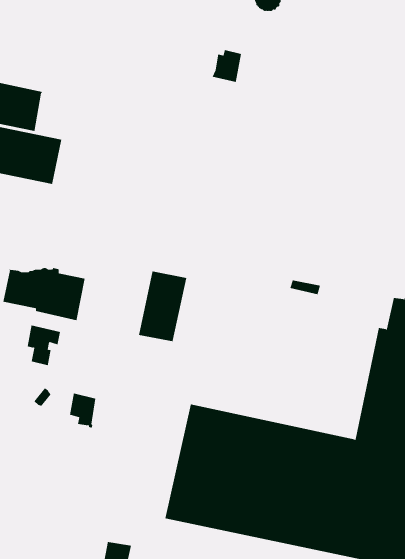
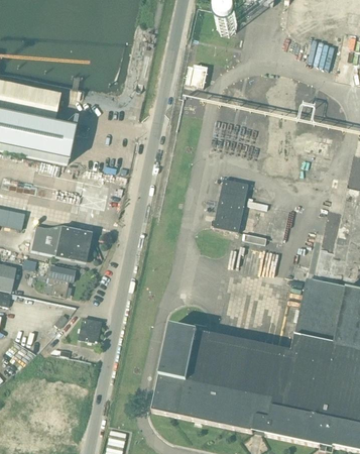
building: [138,271,187,342] -> [213,178,249,230]

